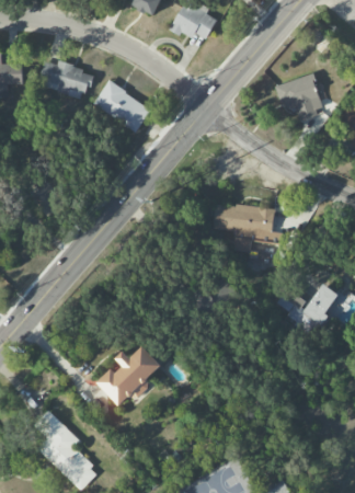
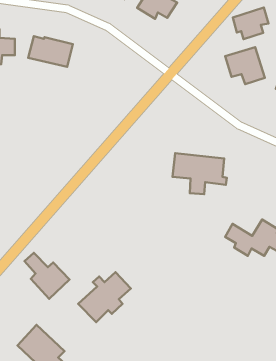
building: none -> [233,8,268,39]
building: [93,81,151,133] -> none
building: none -> [24,253,70,299]

